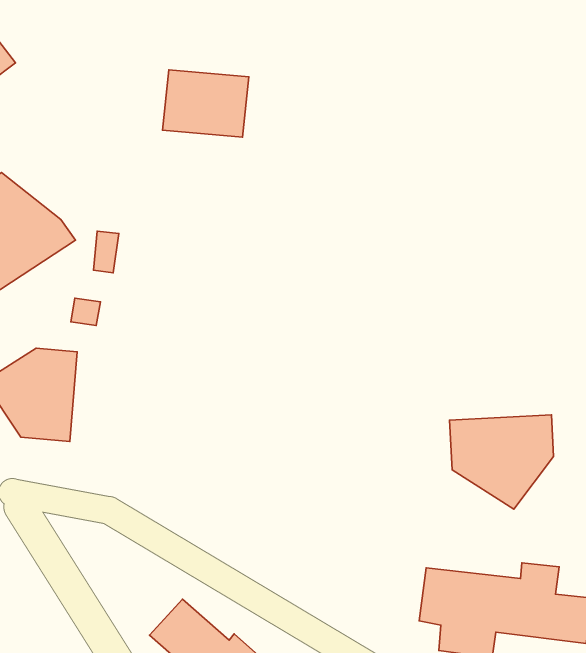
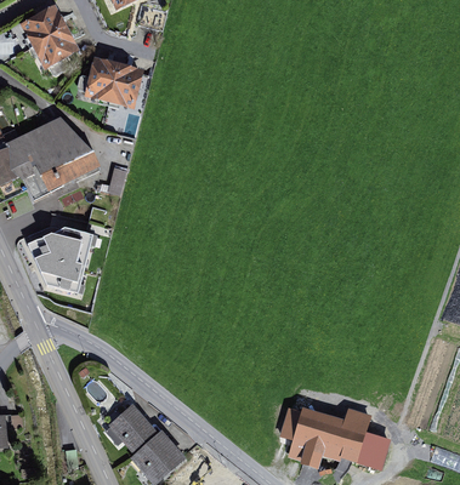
building: [163,70,249,137] -> [84,57,143,107]
building: [449,415,554,509] -> none

